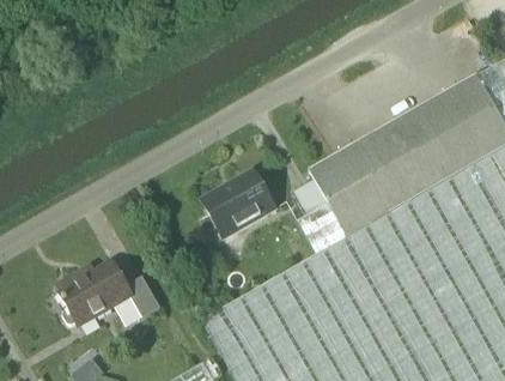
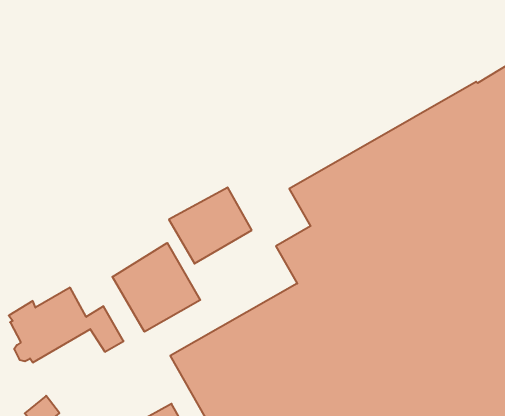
building: none -> [112,243,200,332]

